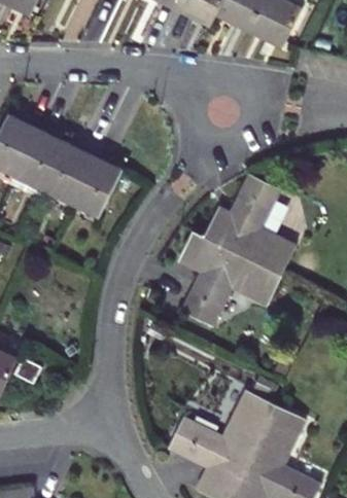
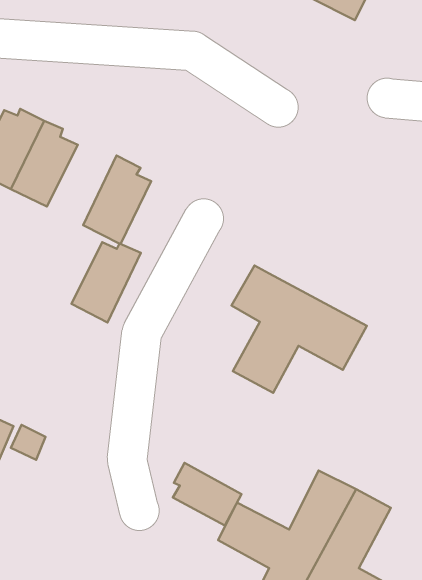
building: [37,140,91,202] -> [71,242,141,323]
building: [208,179,298,279] -> none
building: none -> [173,463,241,526]

